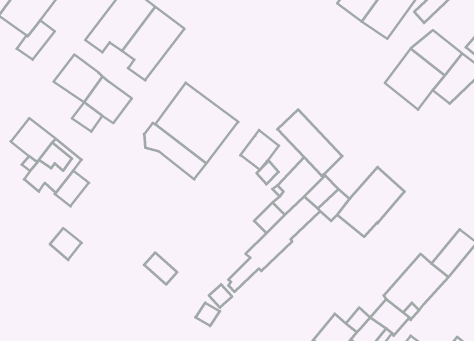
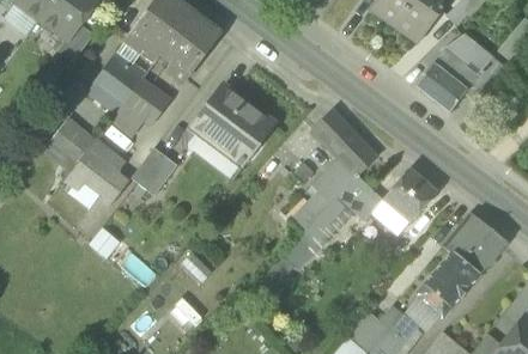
building: [240,130,279,170] -> none
building: none -> [133,148,177,195]
building: none -> [443,212,491,261]

